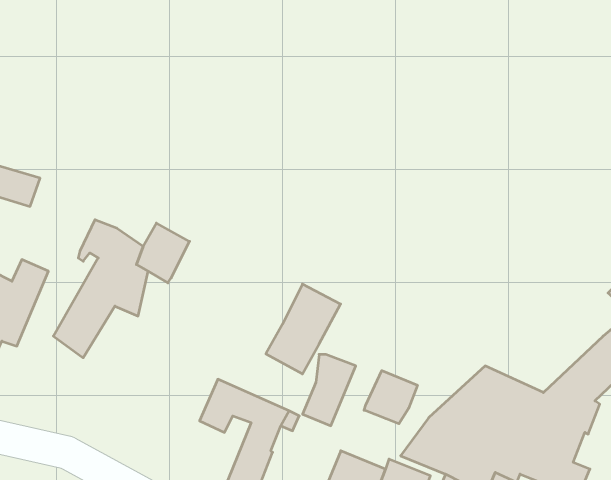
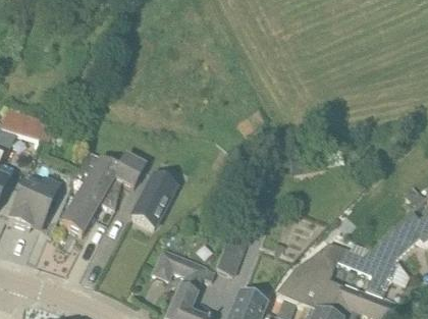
building: [266,284,341,374] -> [131,172,177,227]
building: [364,371,417,424] -> none

